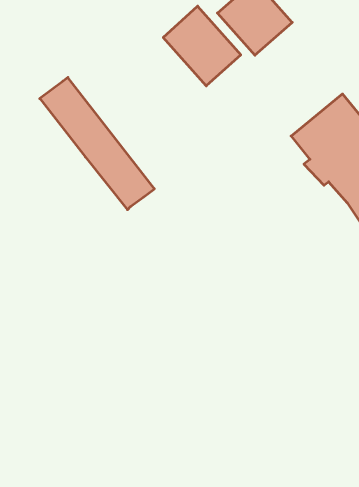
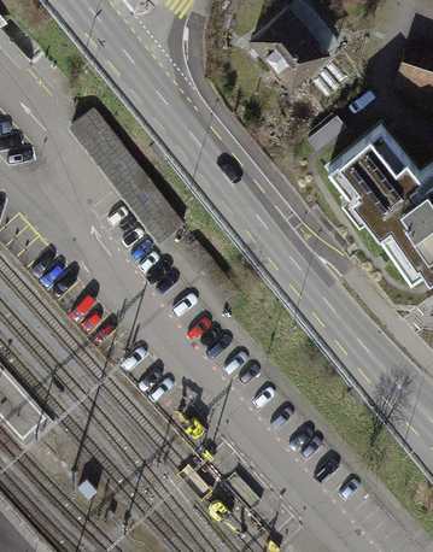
building: [163,6,241,86] -> none

